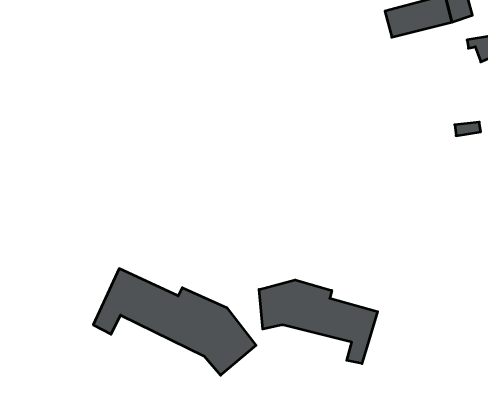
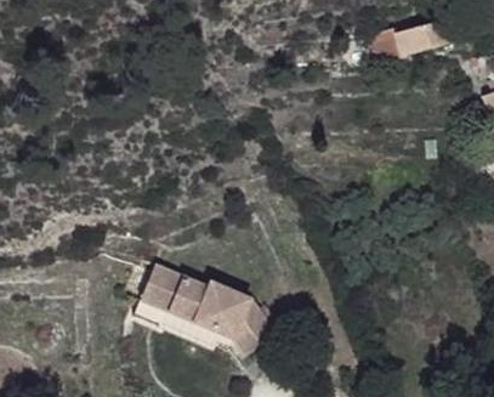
building: [259,280,378,364] -> none

